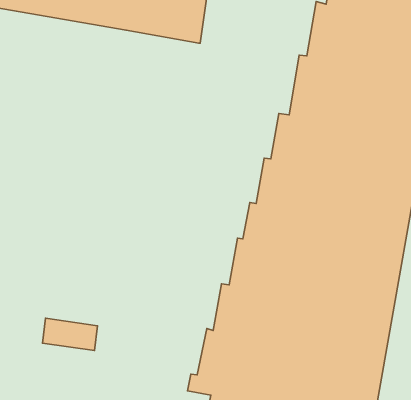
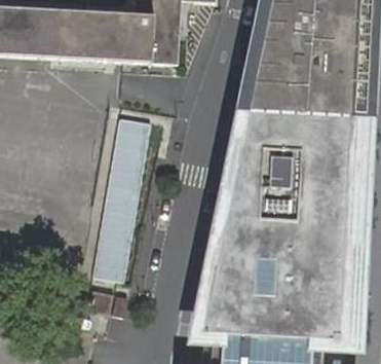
building: none -> [91,114,150,279]

